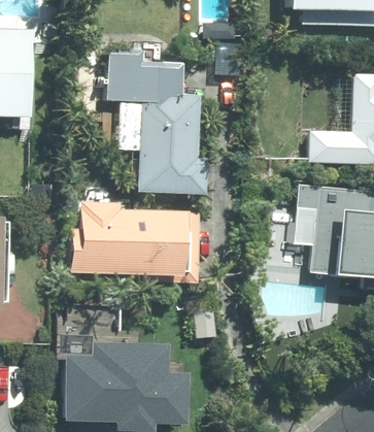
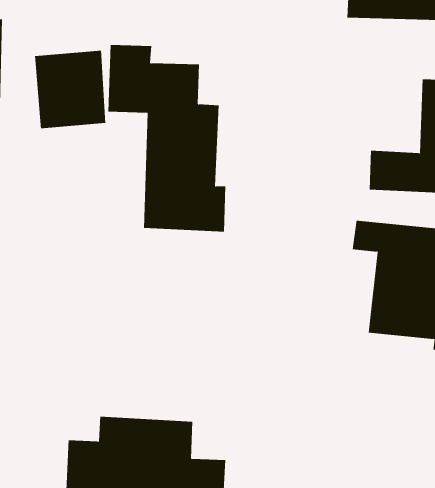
building: none -> [35,50,106,129]
building: [72,202,182,275] -> none

